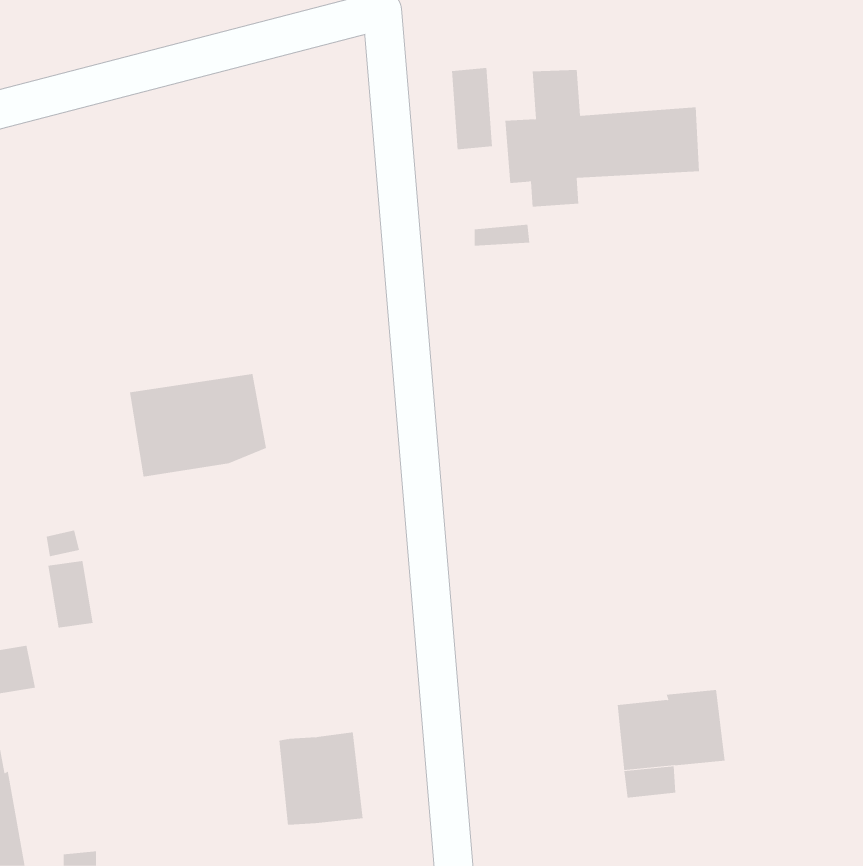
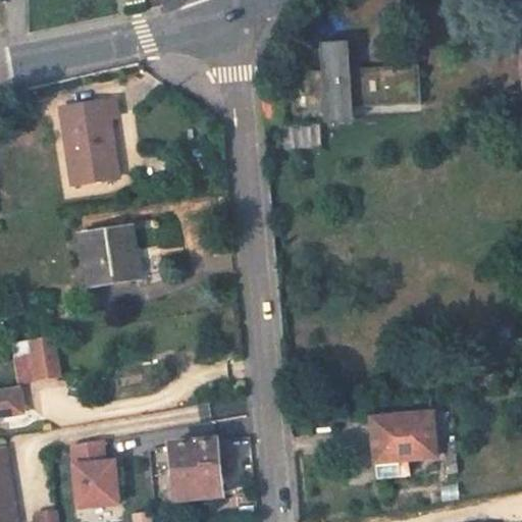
building: [451,67,493,150] -> none
building: none -> [60,102,117,185]
building: none -> [72,440,119,508]

